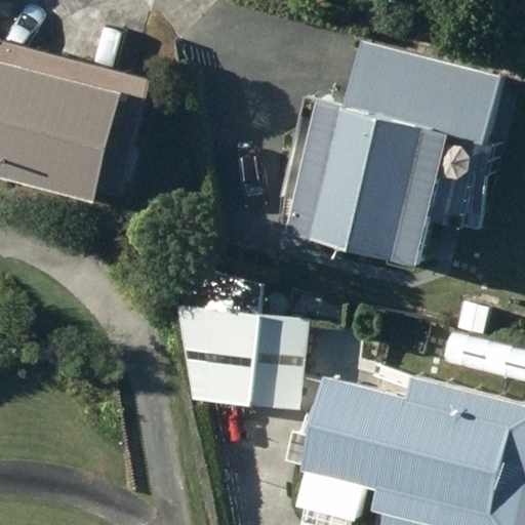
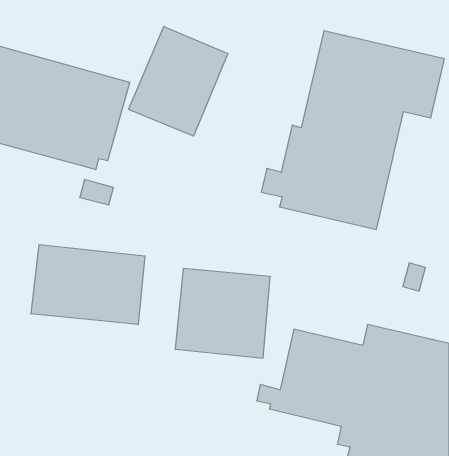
building: none -> [129,26,228,136]
building: none -> [31,245,145,325]

